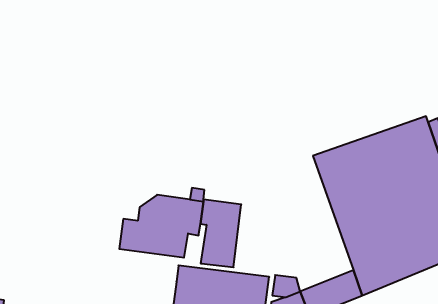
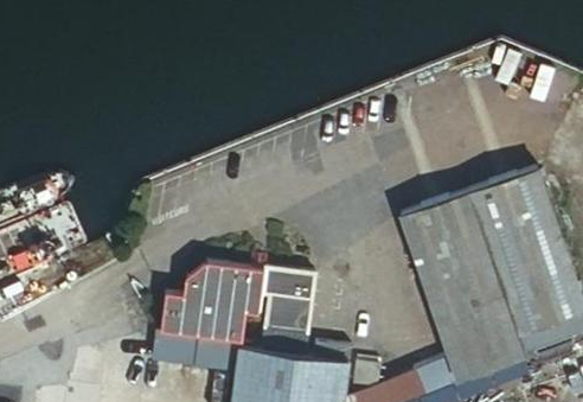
building: none -> [154,333,237,370]

